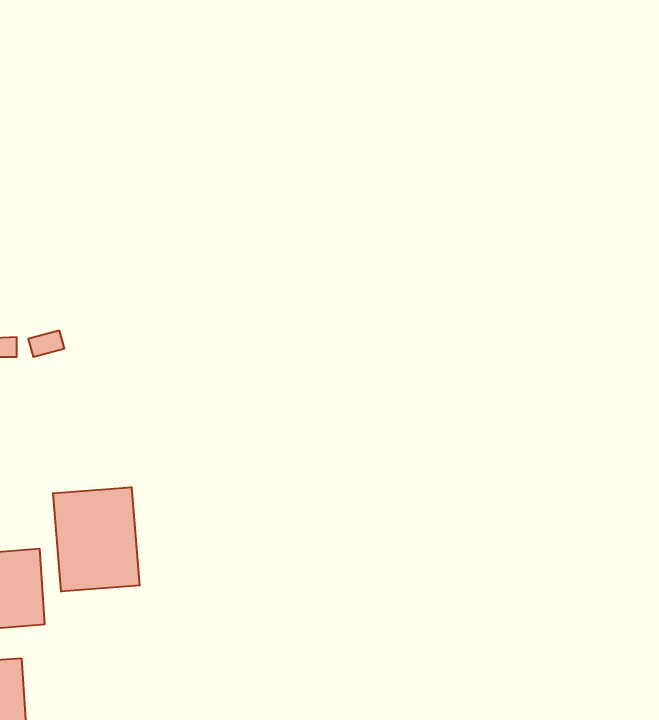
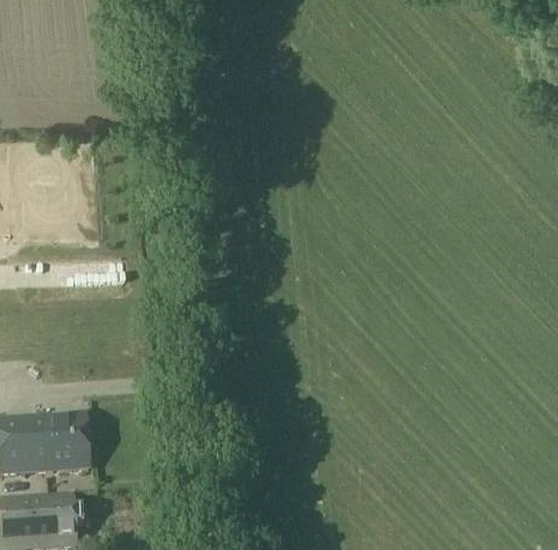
building: [53,487,139,592] -> none

